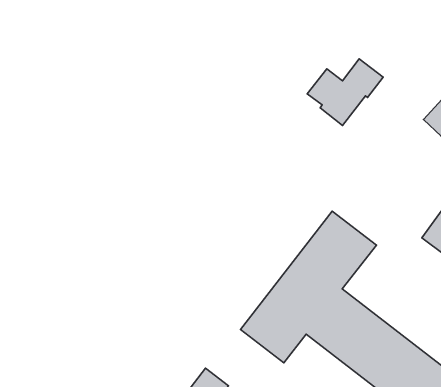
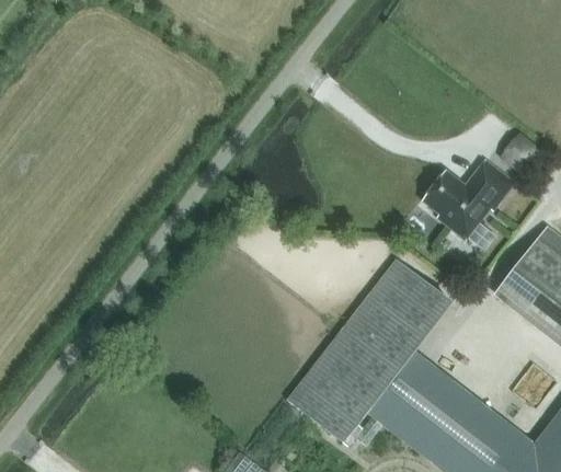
building: [307,59,383,125] -> [423,160,513,239]

